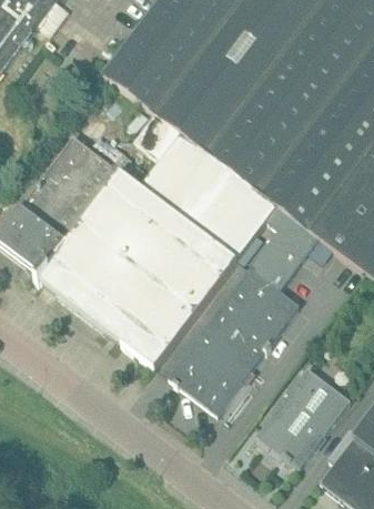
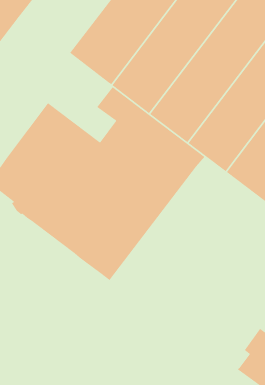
building: [168,206,320,413] -> none
building: [256,367,350,467] -> none

